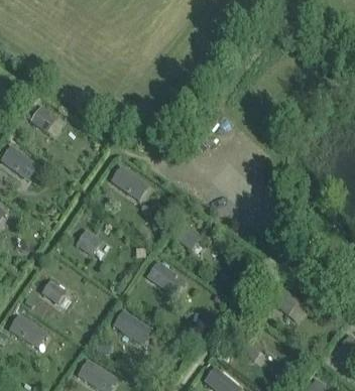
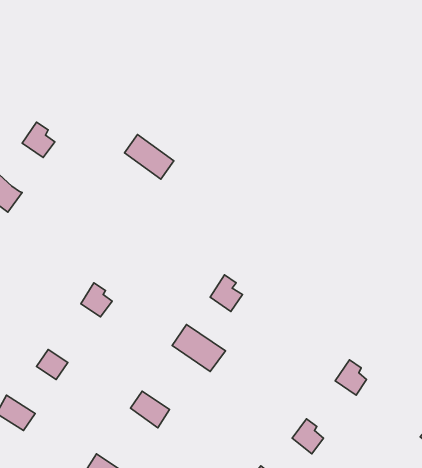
building: [112,165,150,200] -> [124,135,174,179]

